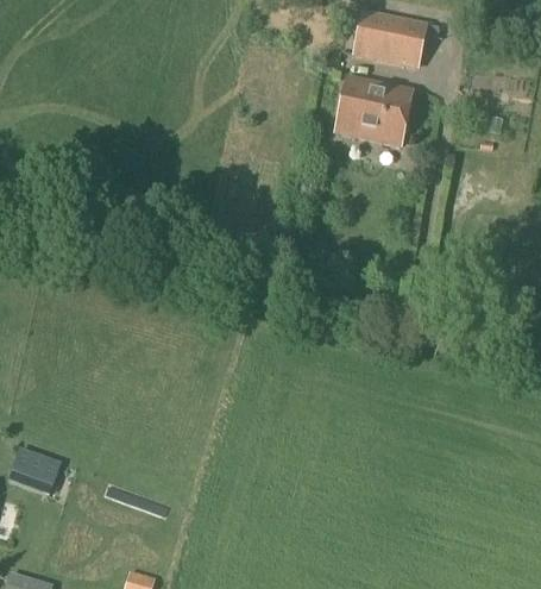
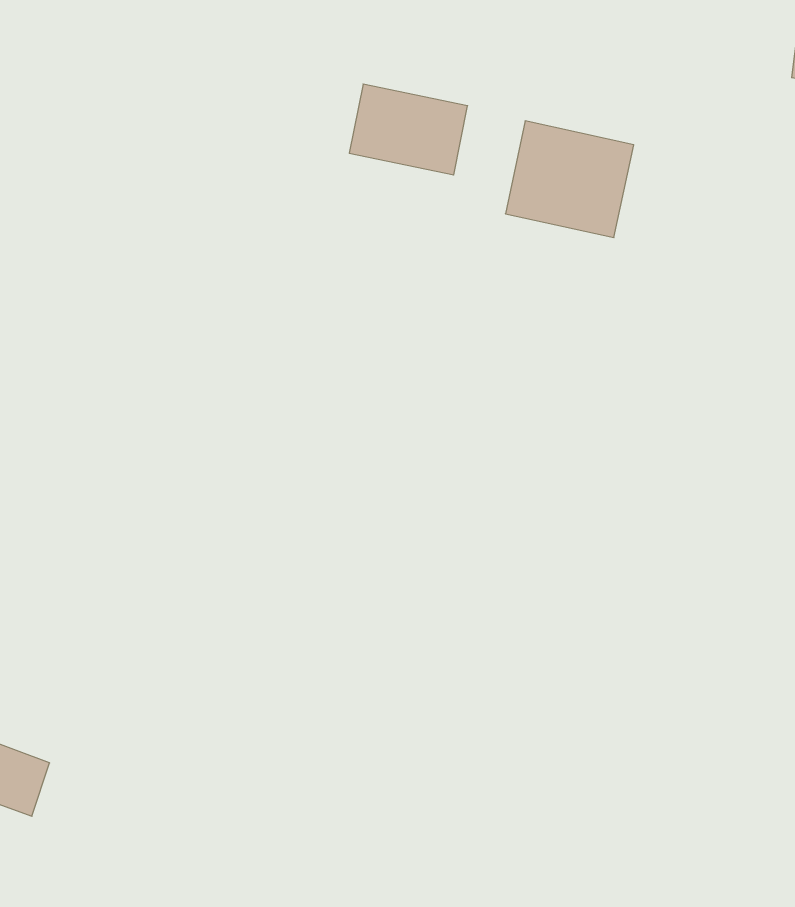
building: [354,10,426,64] -> [349,84,468,175]

